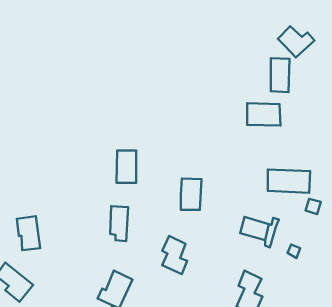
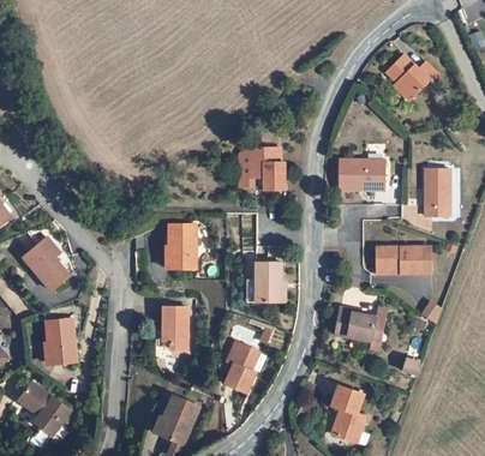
building: [271,58,290,92] -> [427,170,453,216]
building: none -> [242,146,289,188]
building: none -> [23,235,64,289]

